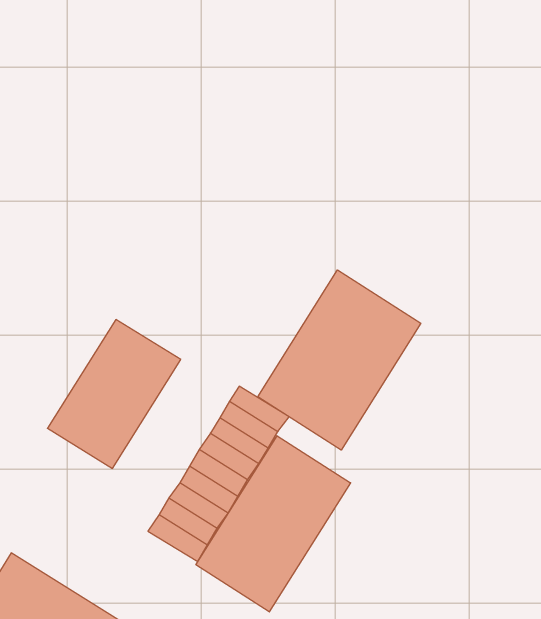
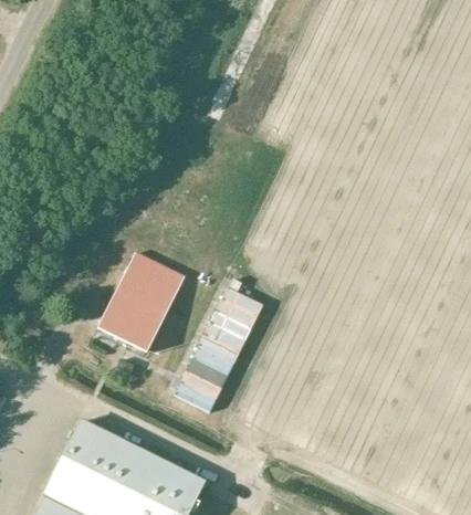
building: [258,270,421,450] -> none
building: [196,436,351,612] -> none

